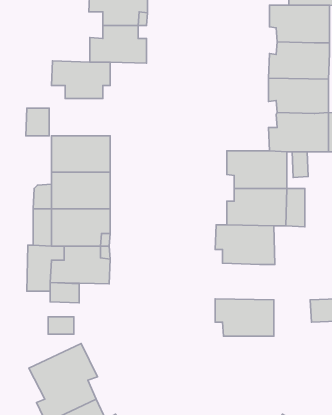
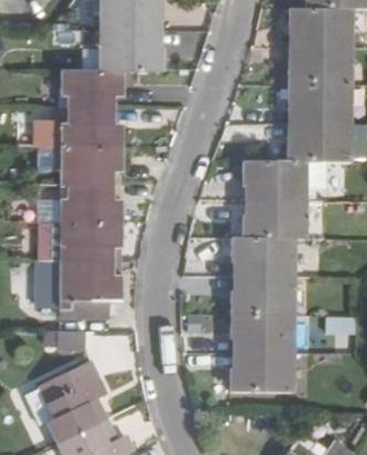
building: none -> [60,107,121,146]
building: none -> [230,278,292,316]
building: none -> [230,354,291,394]

